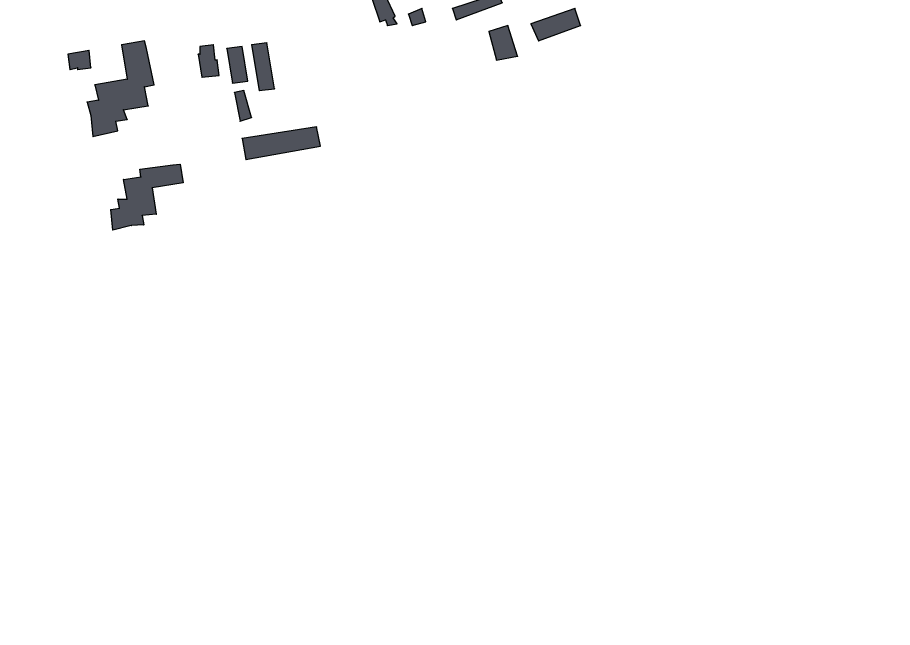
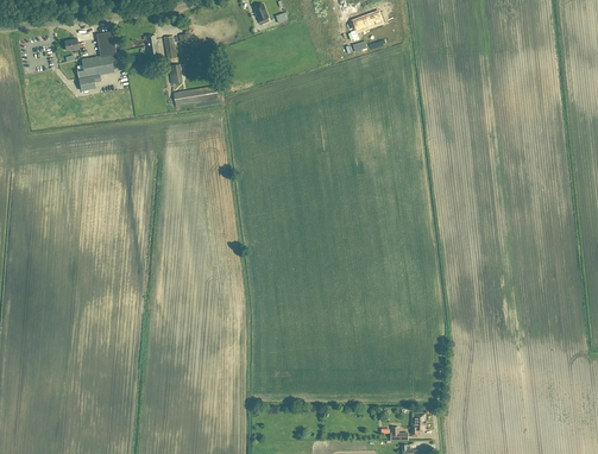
building: [111,164,183,230] -> none

